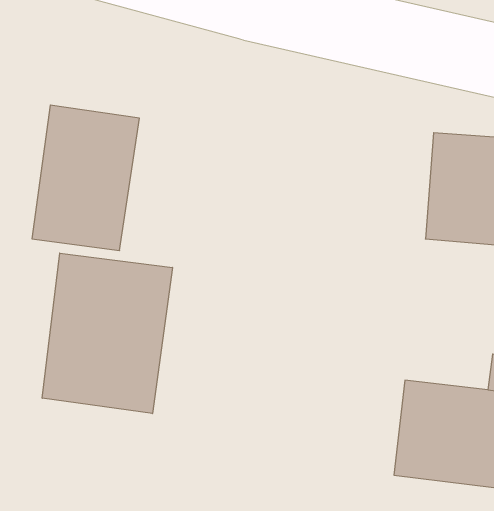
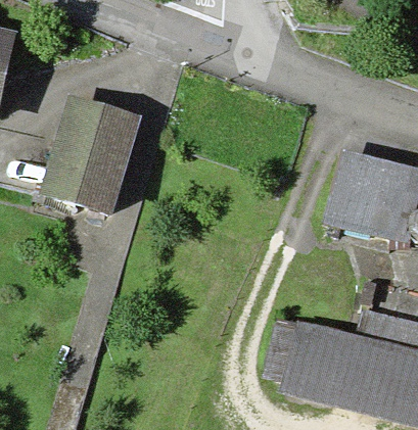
building: [42,253,172,414] -> none

